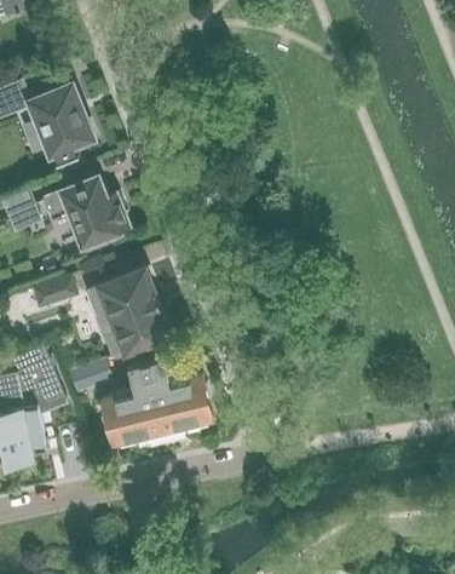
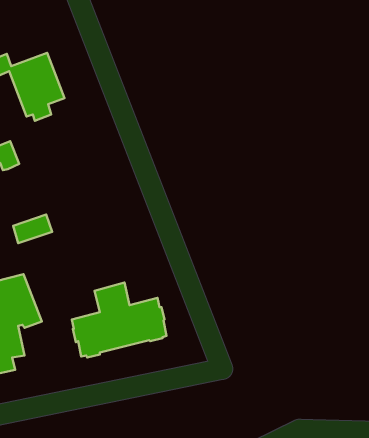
building: [42,177,126,251] -> none
building: [85,266,169,358] -> none
building: [68,361,111,392] -> none

